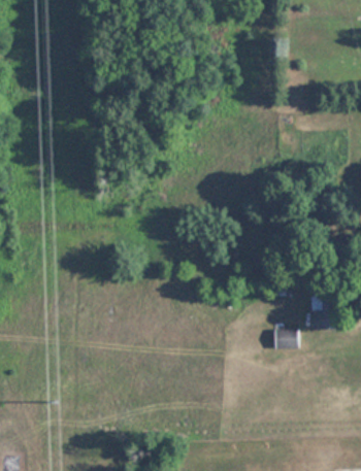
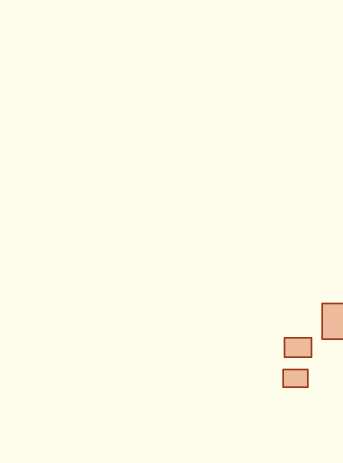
building: none -> [283,369,308,387]

